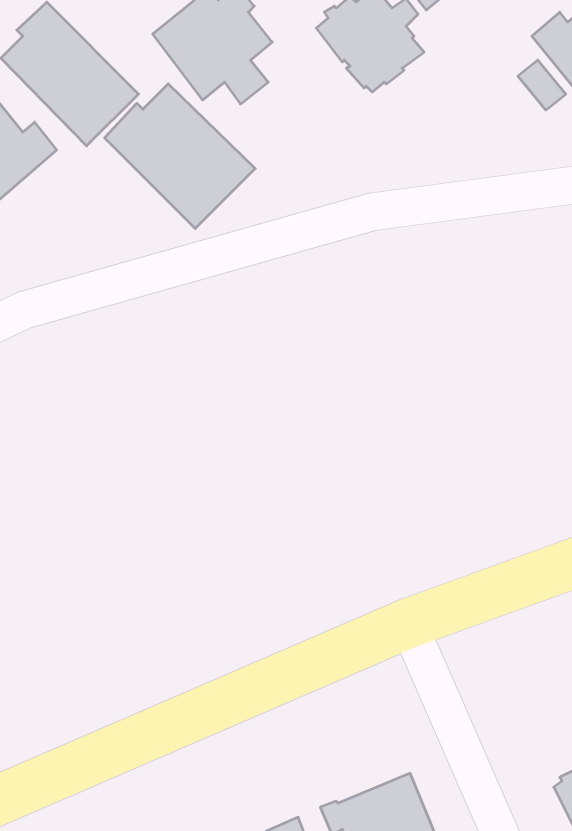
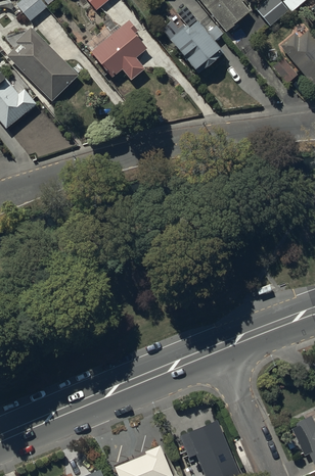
building: [105,84,255,229] -> none

